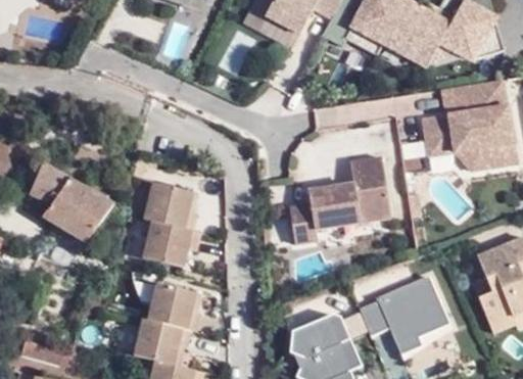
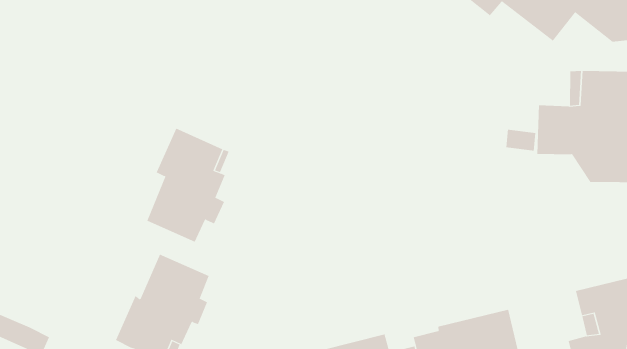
building: [289,155,391,243] -> none
building: [23,163,108,246] -> none

